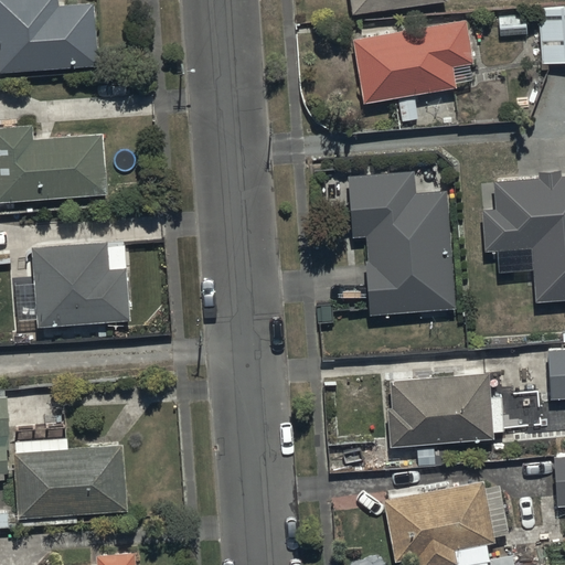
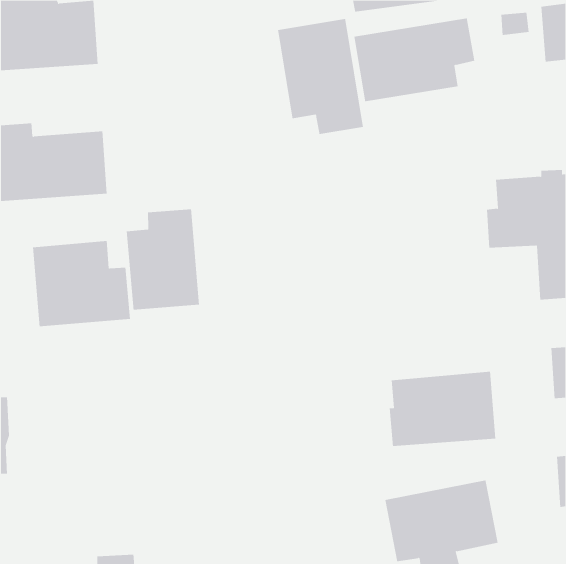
building: none -> [277,18,363,135]
building: [348,170,455,315] -> none
building: none -> [126,209,200,310]
building: [13,445,127,520] -> none

